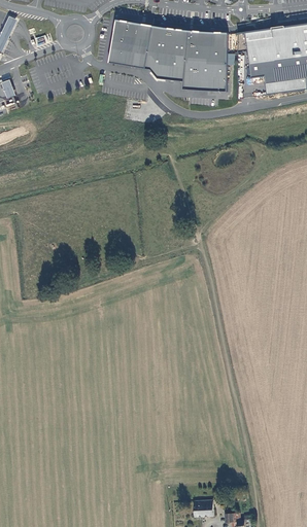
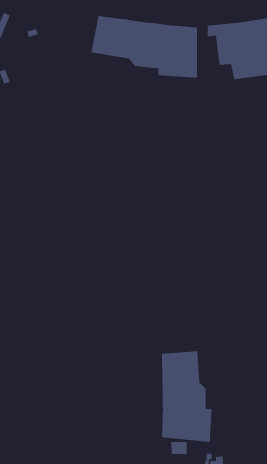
building: none -> [161,351,213,443]

